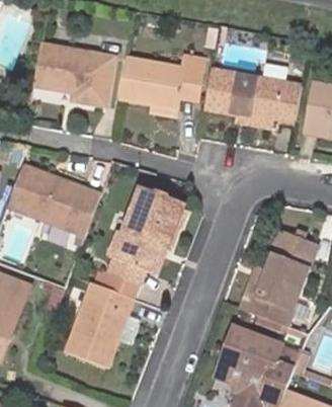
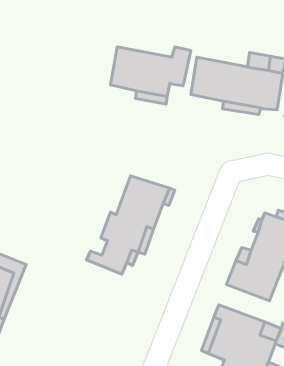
building: [33,45,113,106] -> none
building: [7,164,100,236] -> none
building: [67,281,141,364] -> none

